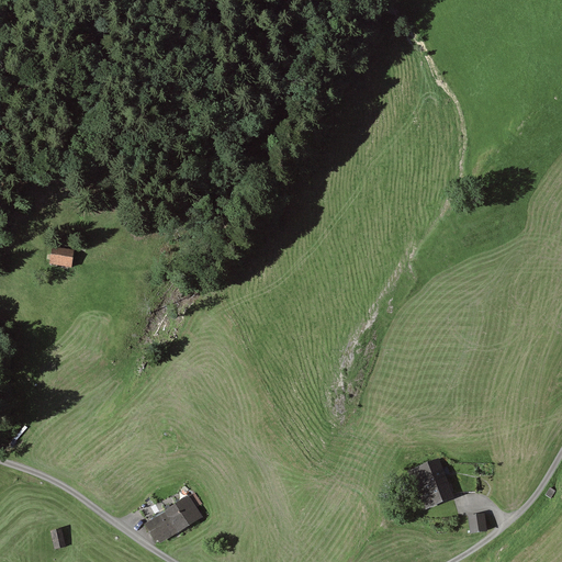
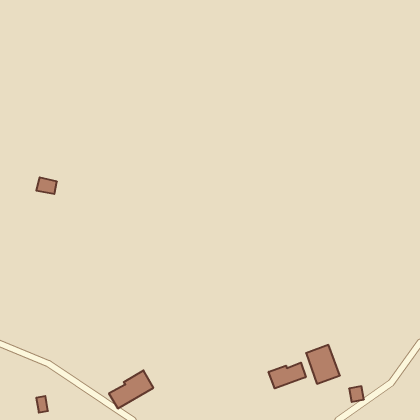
building: none -> [269,363,306,388]

